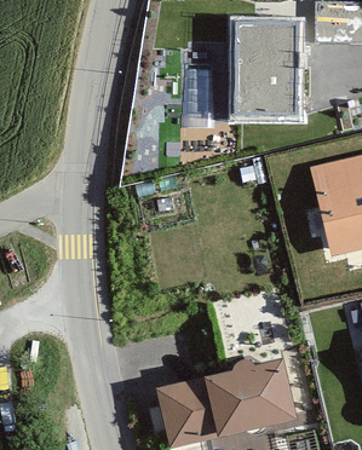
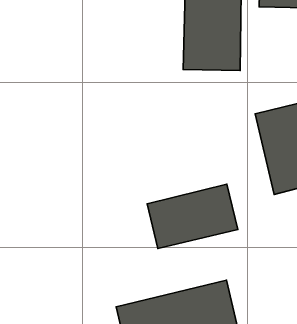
building: none -> [147,184,238,248]

